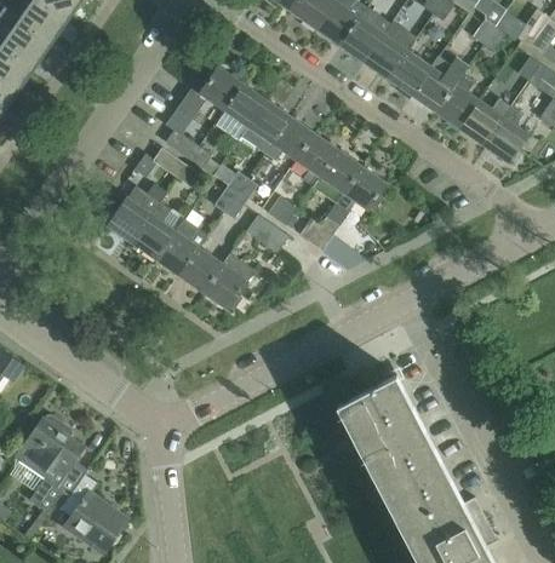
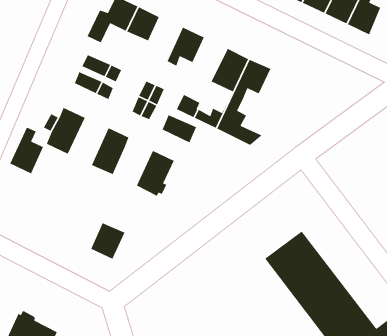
building: [240,99,290,153] -> none
building: [294,132,338,185] -> none
building: [131,202,183,259] -> [9,127,49,174]
building: [179,246,230,292] -> [90,222,129,260]

